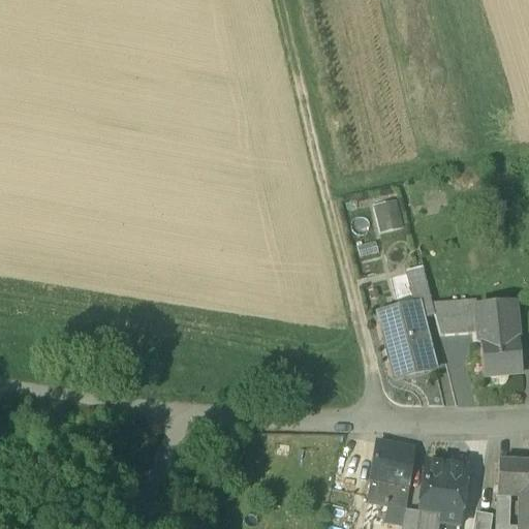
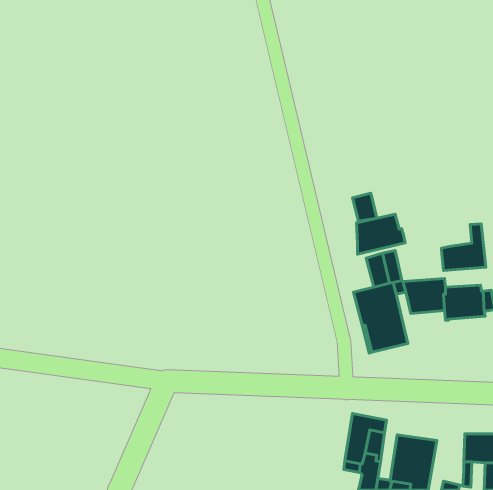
building: none -> [357,214,405,254]
building: none -> [442,224,486,270]
building: [480,337,522,377] -> none

